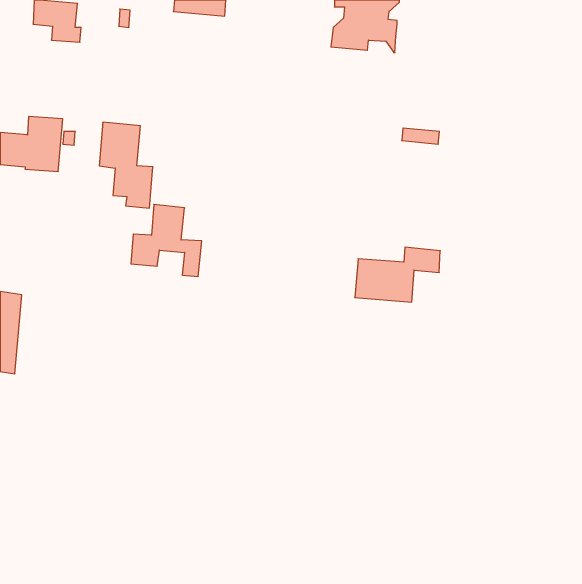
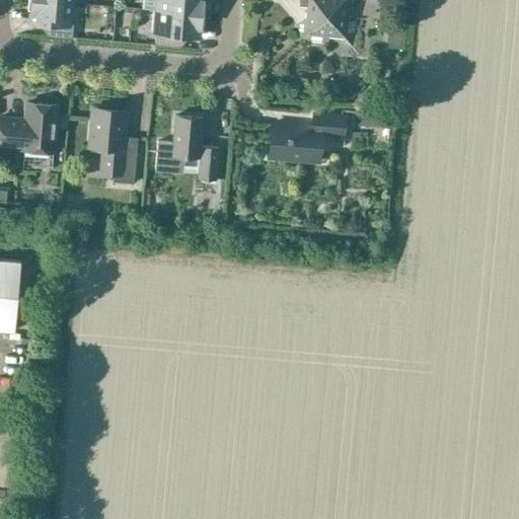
building: none -> [153,10,201,48]
building: [131,204,202,276] -> [155,116,218,179]
building: [355,247,440,302] -> [269,114,345,162]

